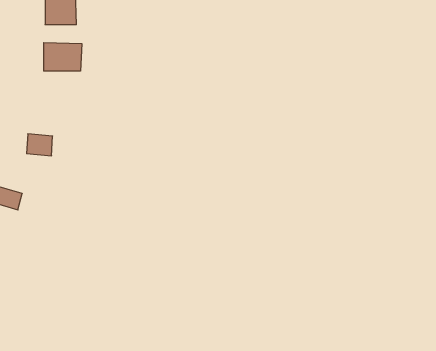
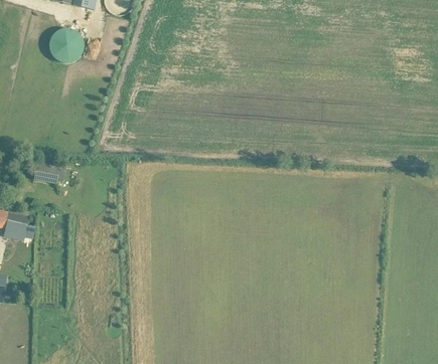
building: [44,43,82,71] -> none

